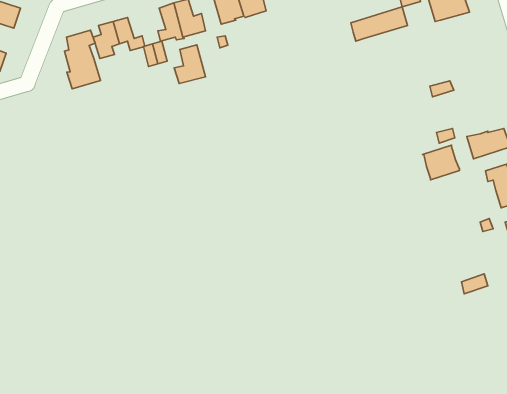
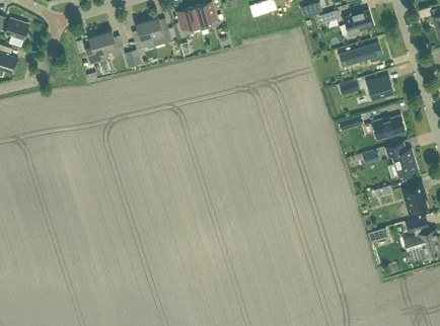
building: [351,7,407,41] -> [339,40,382,67]
building: [64,30,101,89] -> none
building: [174,45,205,83] -> none
building: [422,145,459,180] -> [366,75,394,101]

